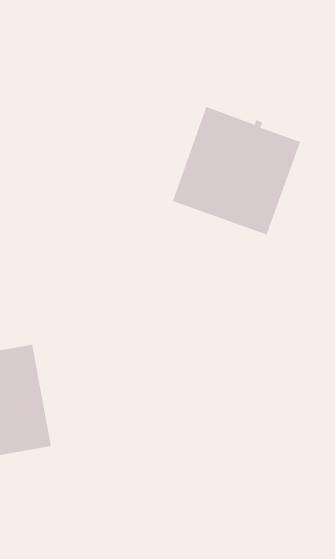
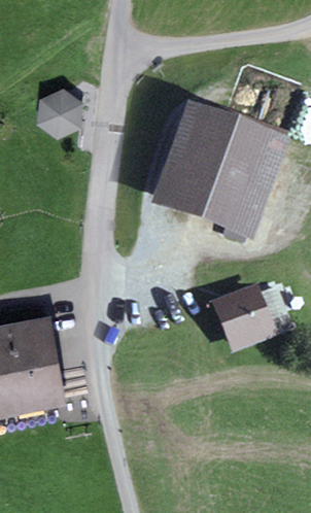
building: none -> [42,91,75,127]
building: none -> [221,288,285,339]

